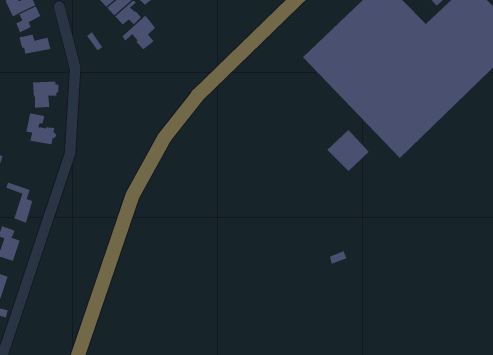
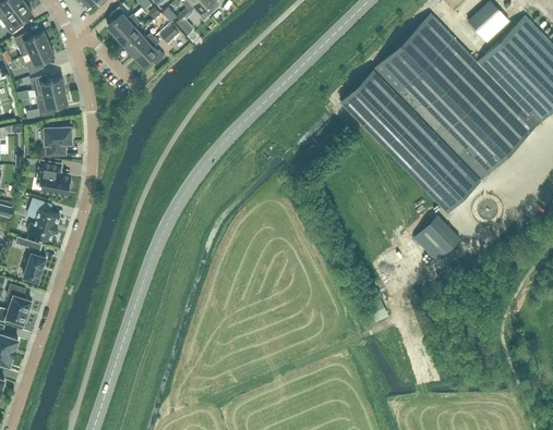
building: [122,15,156,50] -> none
building: none -> [36,91,68,116]
building: [327,129,369,172] -> [412,214,459,261]
building: none -> [27,198,60,243]

